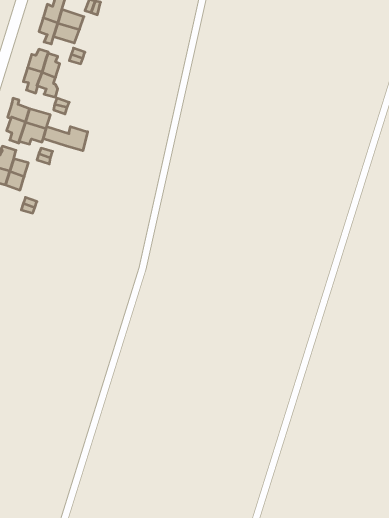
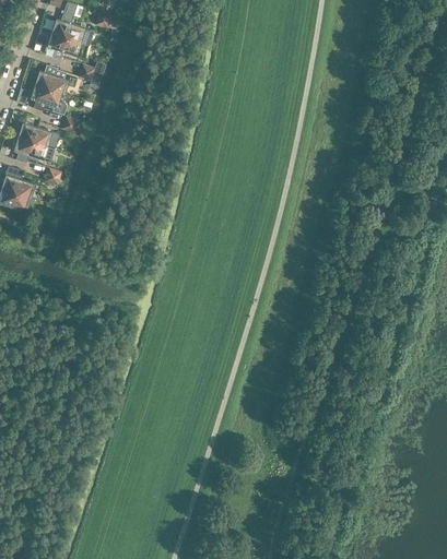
building: [43,127,88,151] -> none

